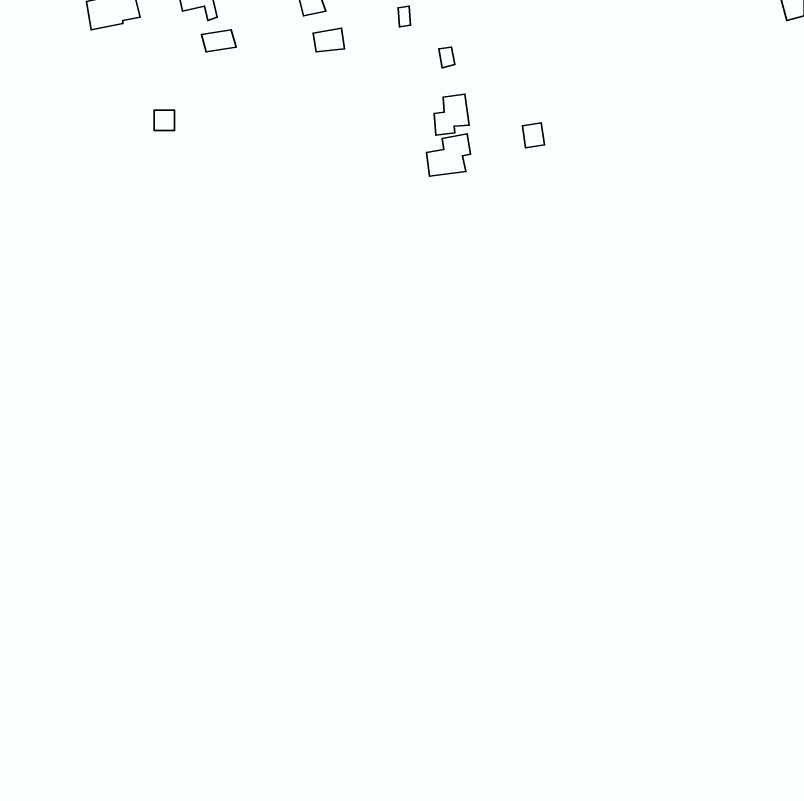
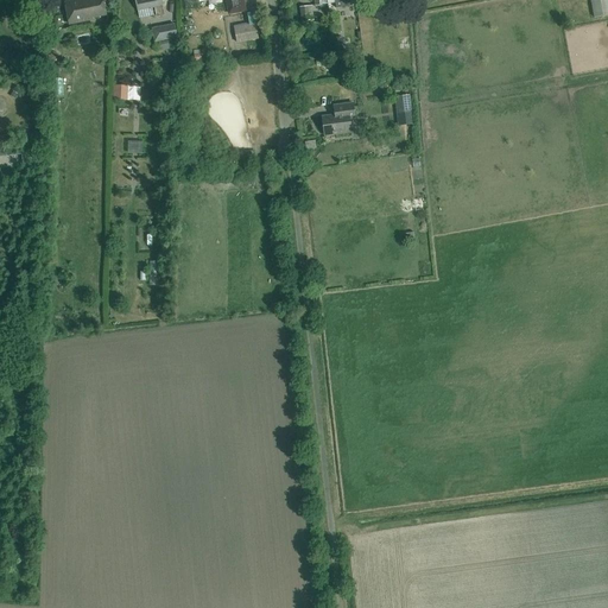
building: [434,94,469,135] -> none

